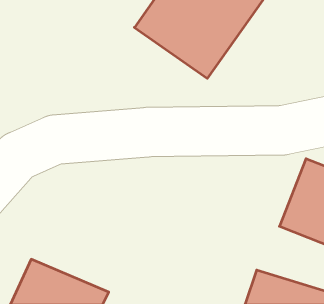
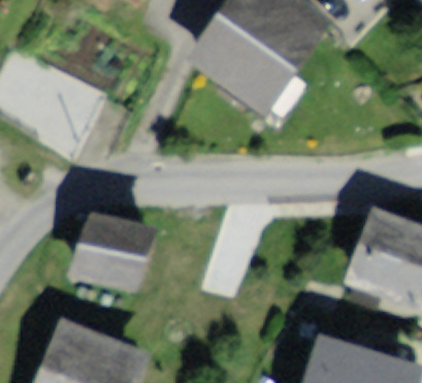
building: none -> [69,216,148,295]

